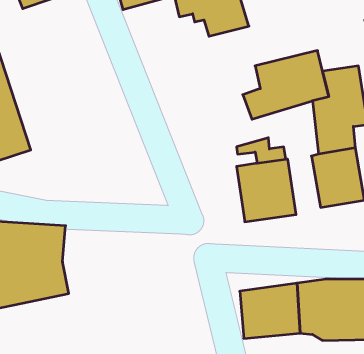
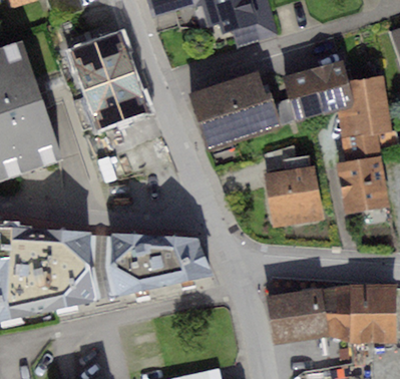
building: none -> [72,35,146,129]
building: none -> [189,72,279,152]
building: none -> [103,231,213,296]

